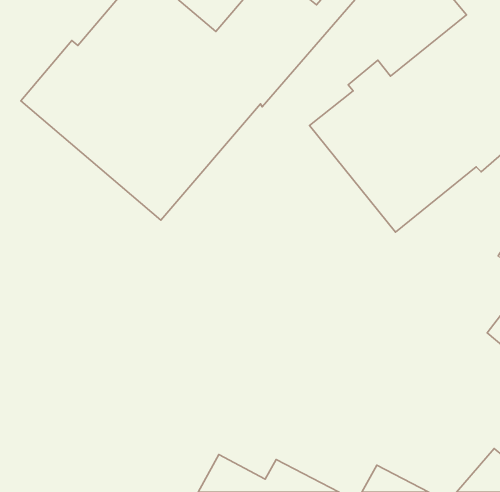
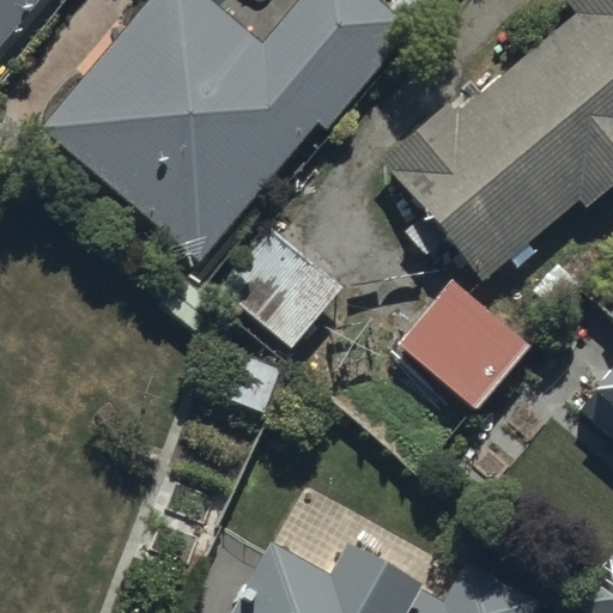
building: none -> [218,220,346,347]
building: none -> [399,278,532,409]

